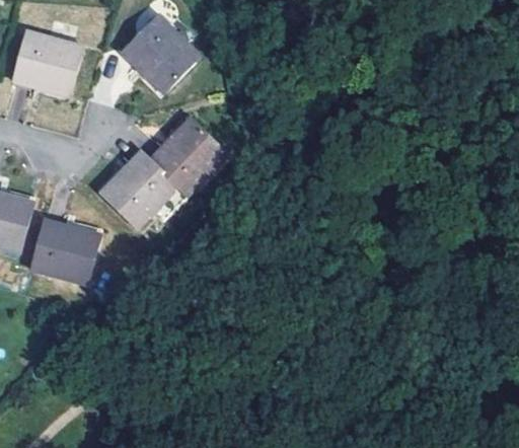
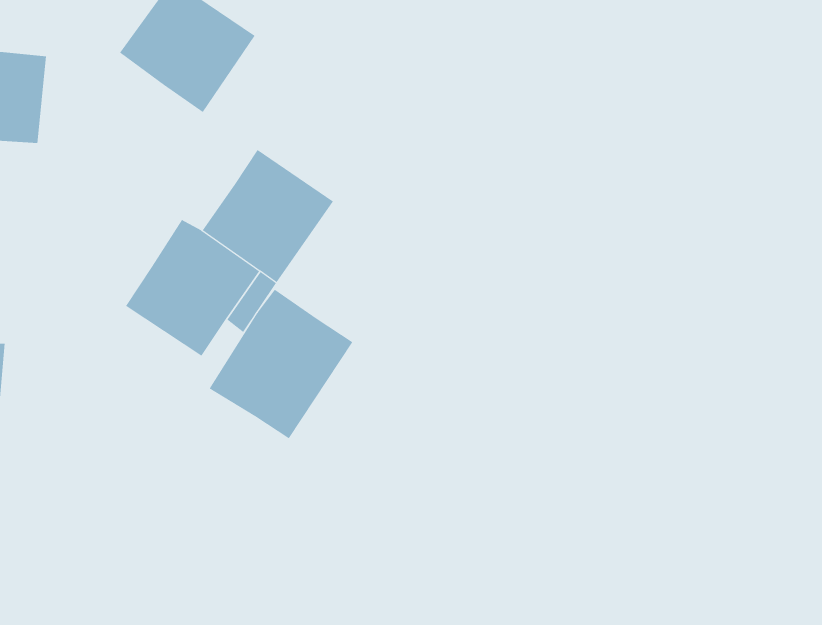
building: none -> [209,289,353,439]
building: [31,218,98,282] -> none

